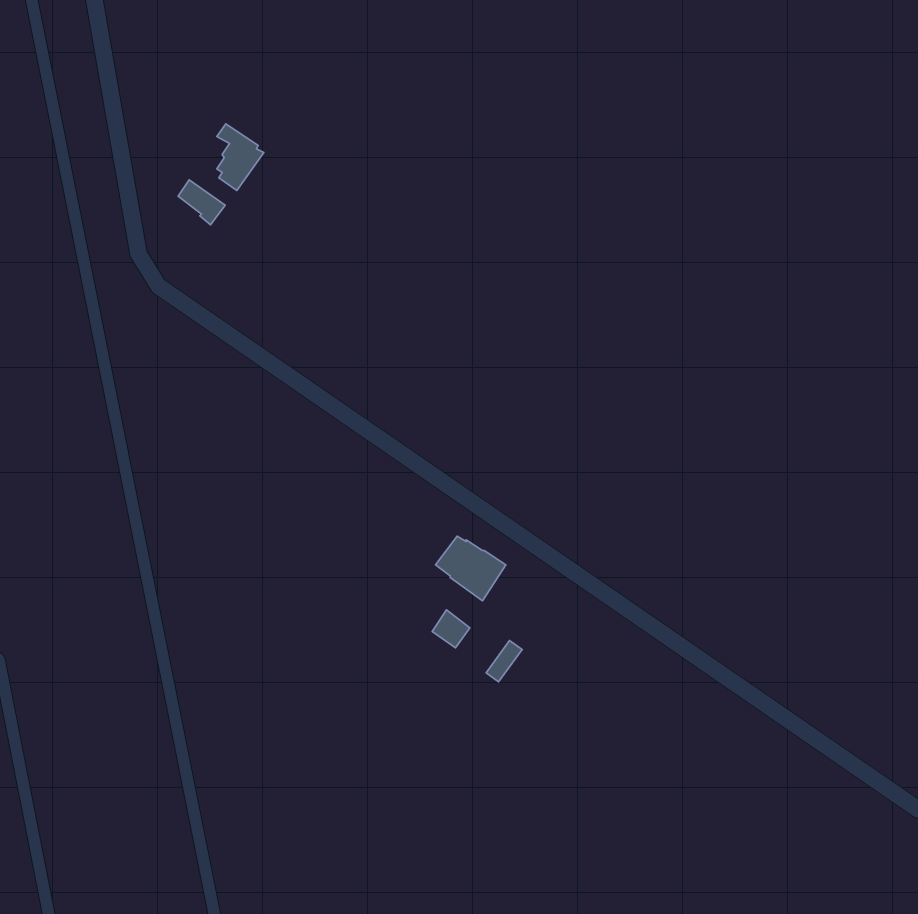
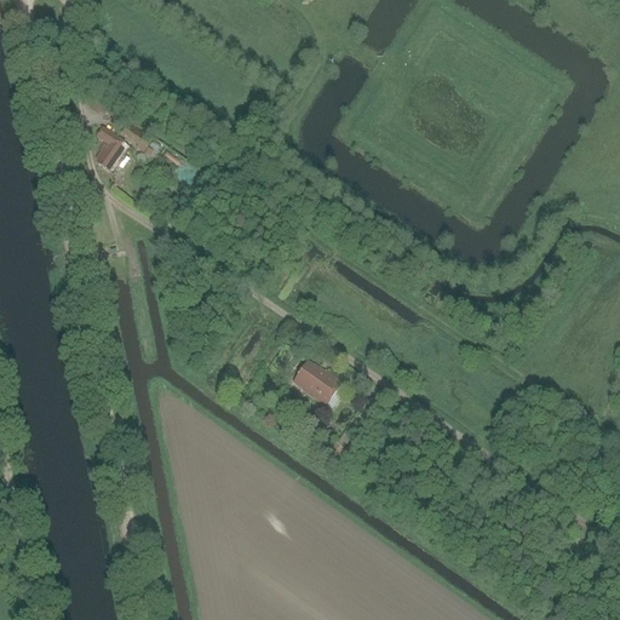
building: [217,124,264,190] -> [96,126,127,171]

